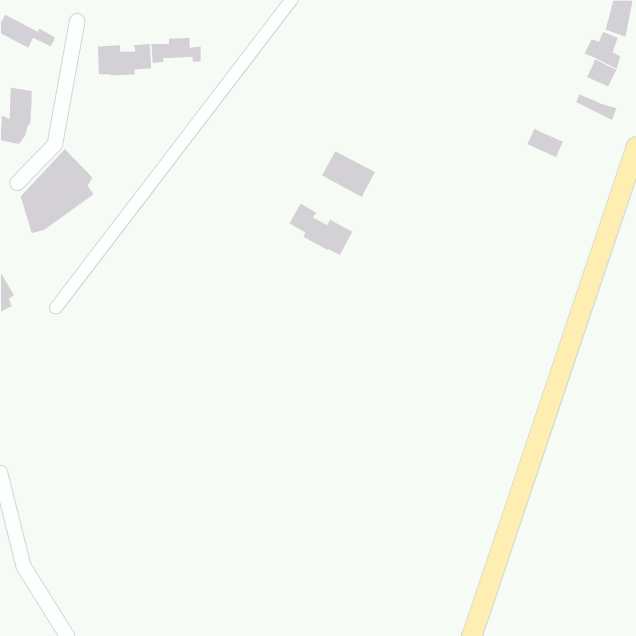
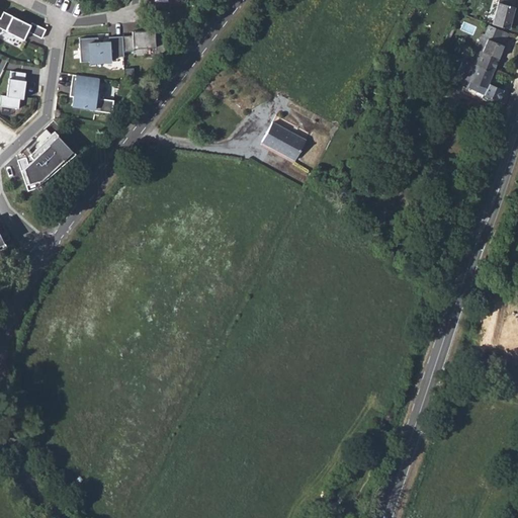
building: none -> [70,75,113,113]
building: [527,128,564,158] -> [464,60,495,84]
building: [289,203,353,256] -> none

